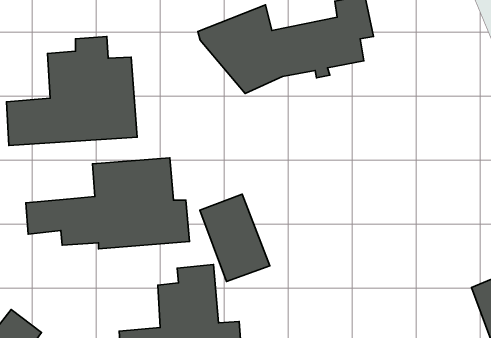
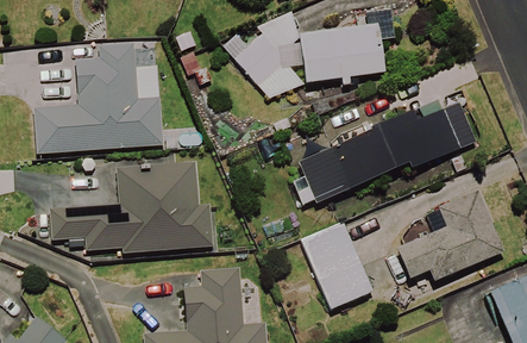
building: none -> [301,99,479,204]
building: none -> [396,193,502,279]
building: [200,194,270,282] -> [302,222,371,307]

